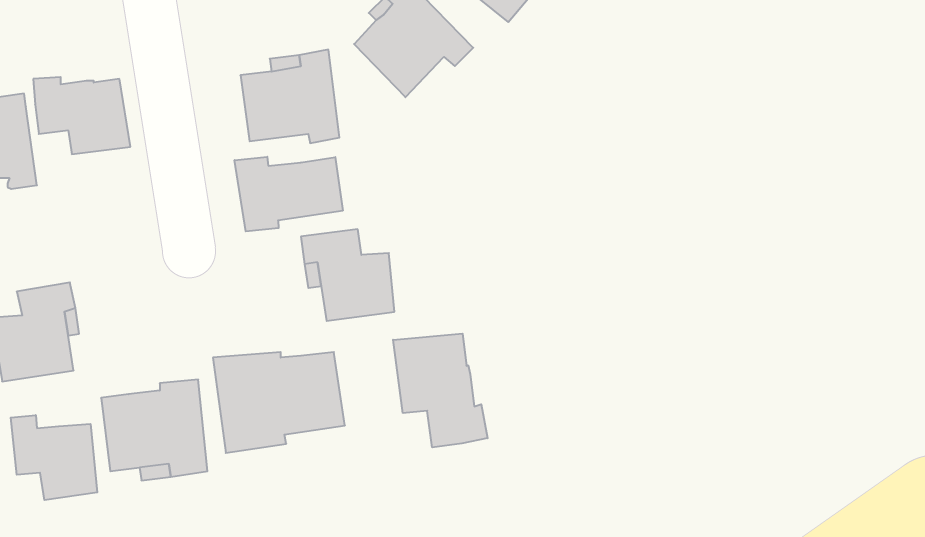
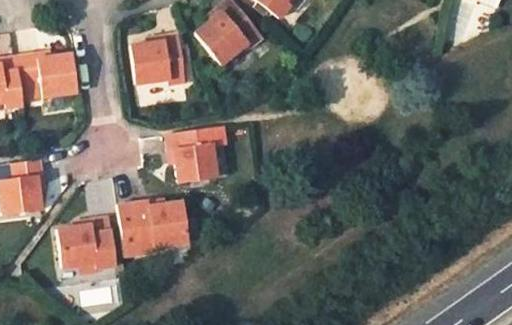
building: [235,157,343,231] -> none
building: [393,334,488,447] -> none
building: [11,415,97,500] -> none

